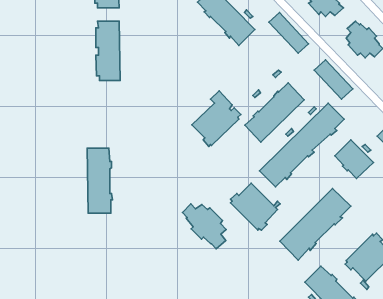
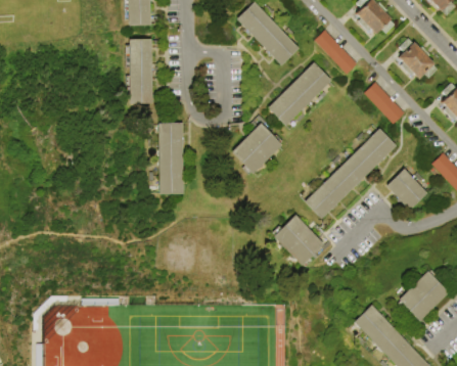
building: [245,83,304,142] -> [267,61,331,126]
building: [87,148,113,213] -> [158,123,186,193]
building: [280,188,351,260] -> none
building: [183,204,226,249] -> none

